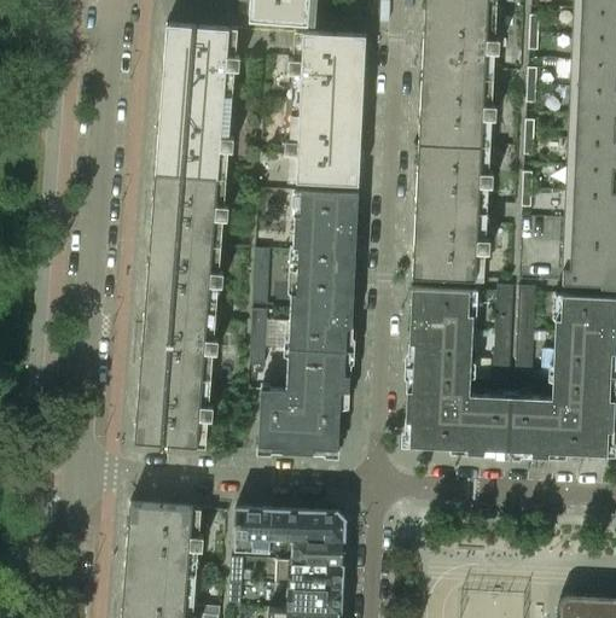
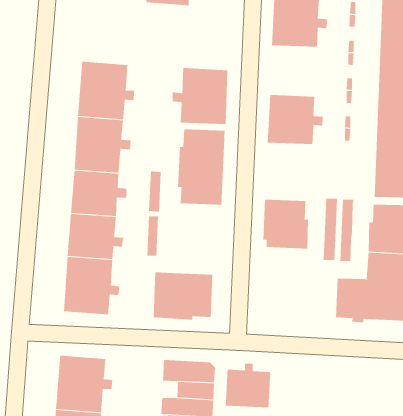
building: [161,24,240,104] -> none
building: [289,33,366,111] -> none
building: [419,77,496,147] -> none
building: [412,211,490,282] -> none
building: [287,295,354,393] -> none
building: [406,355,512,456] -> none
building: [233,508,273,555] -> none
building: none -> [225,363,271,408]

